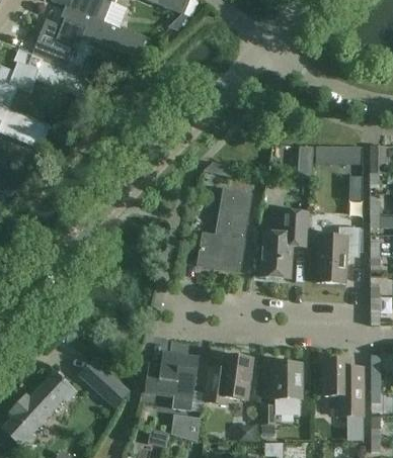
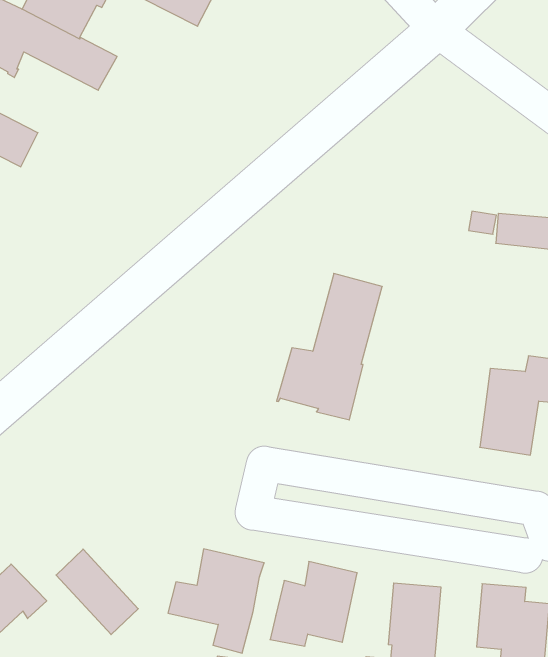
building: [261,210,309,278] -> none

